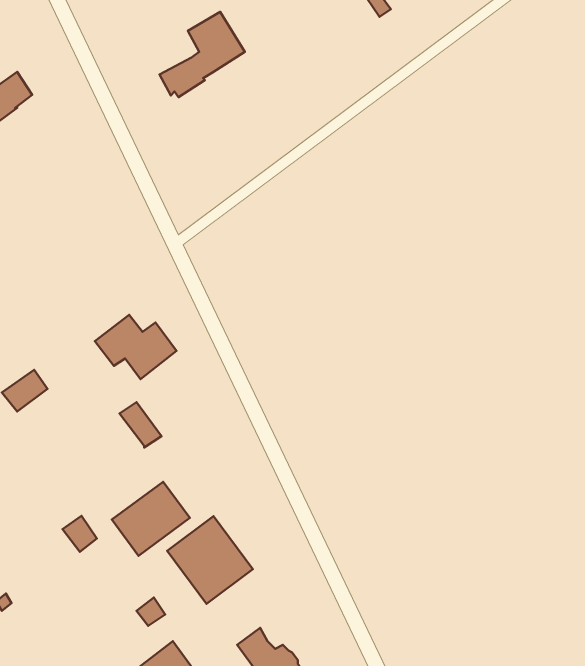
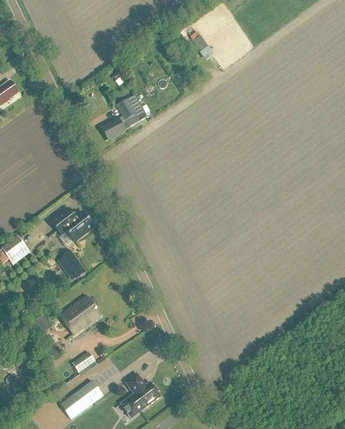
building: [159,12,245,97] -> [101,93,146,138]
building: [167,516,253,604] -> none

